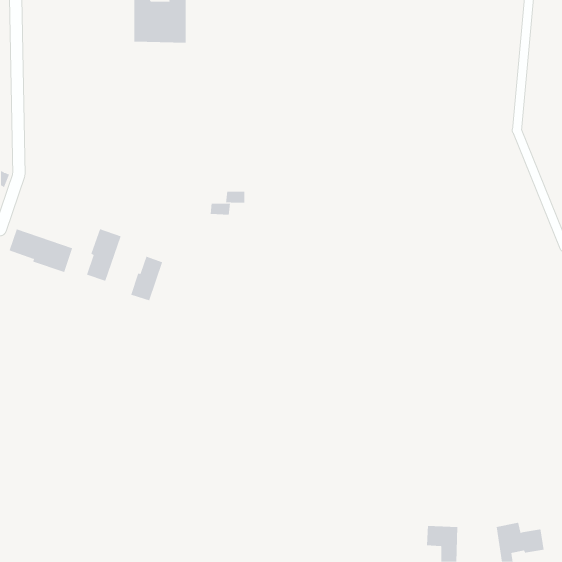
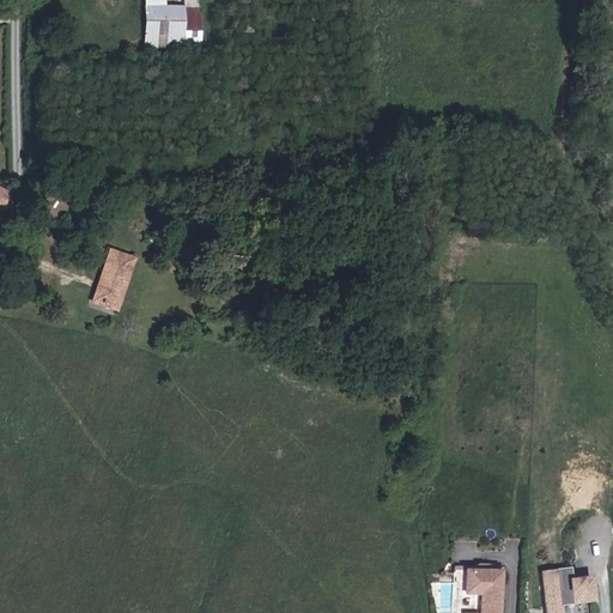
building: [9,229,73,273] -> none
building: [131,256,163,301] -> none

